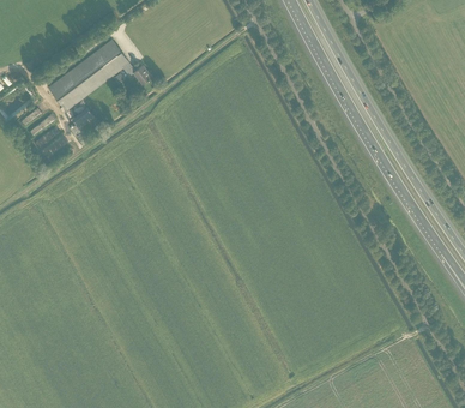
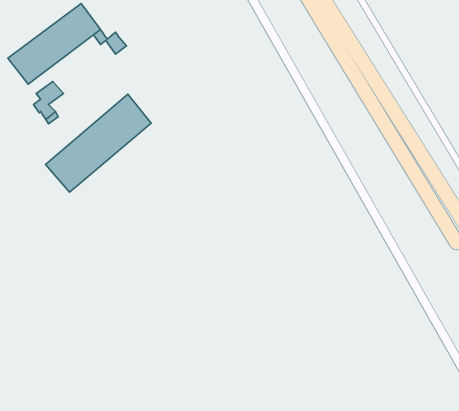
building: none -> [46,94,151,192]

